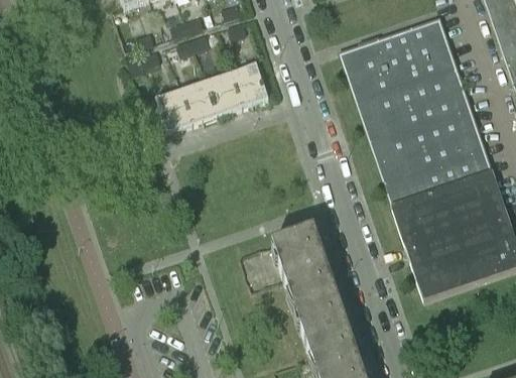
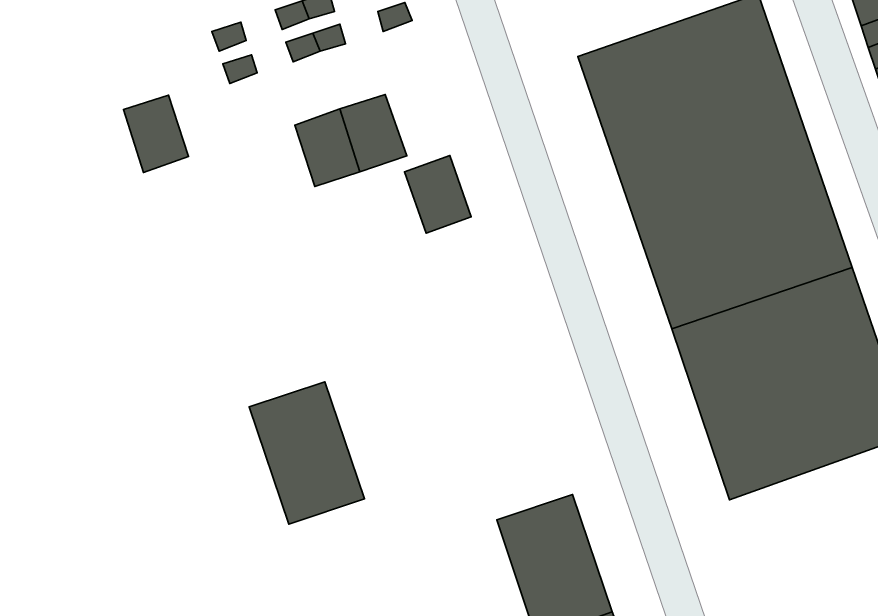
building: [231,62,268,106] -> [405,156,471,233]
building: [155,89,191,132] -> [124,95,188,173]
building: [271,230,336,309] -> [249,382,365,524]

